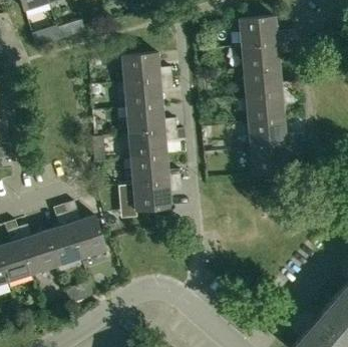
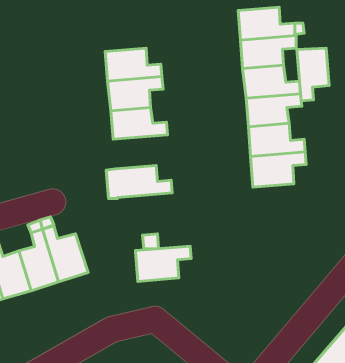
building: none -> [297,48,329,101]
building: [128,129,178,159] -> none
building: [132,181,182,212] -> [135,246,191,281]

